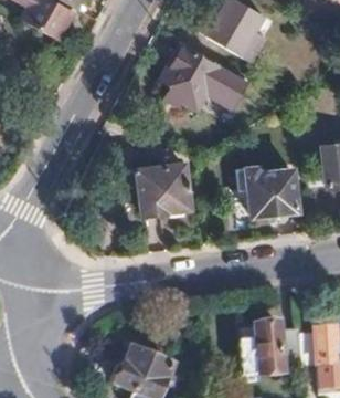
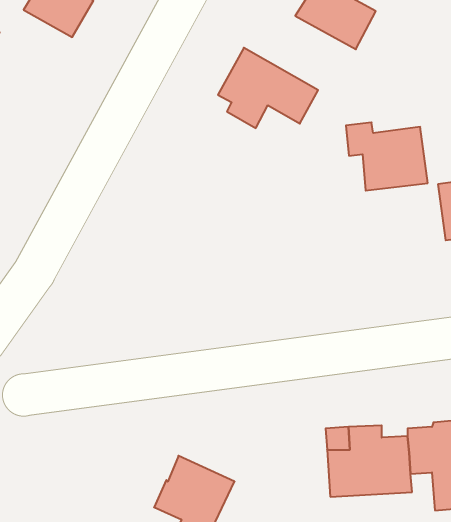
building: [135,163,188,218] -> none
building: [236,167,296,217] -> [346,122,428,191]

